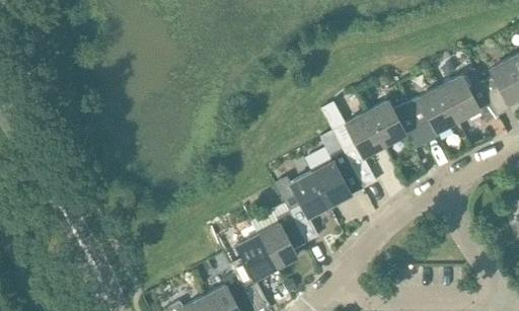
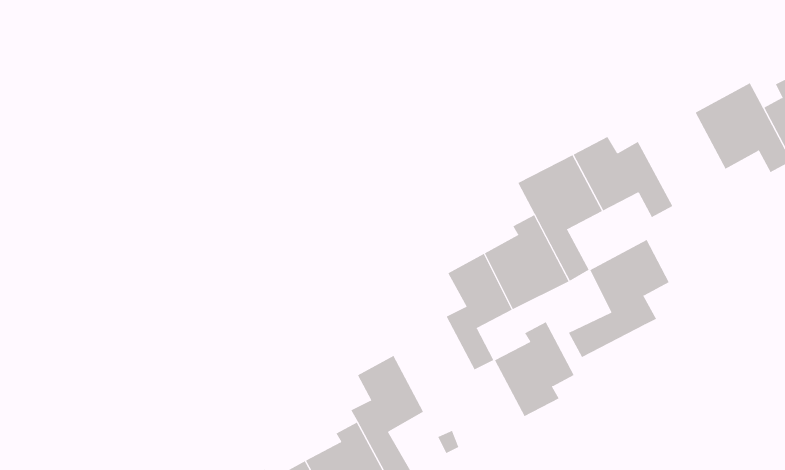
building: [405,86,458,143] -> none
building: none -> [568,239,670,358]
building: [257,210,306,267] -> [494,322,575,417]

